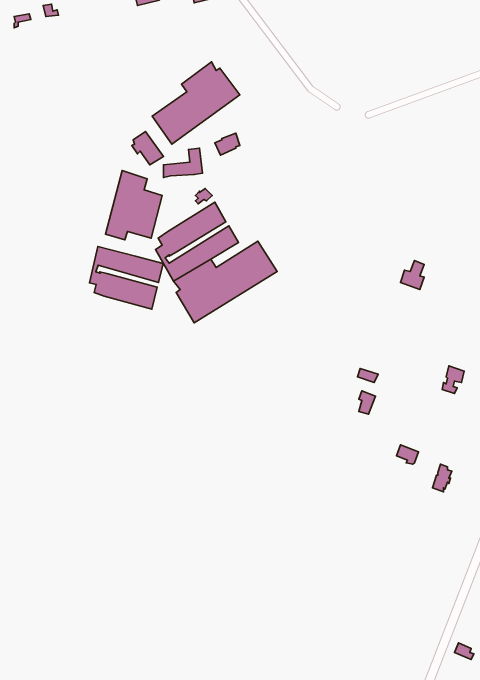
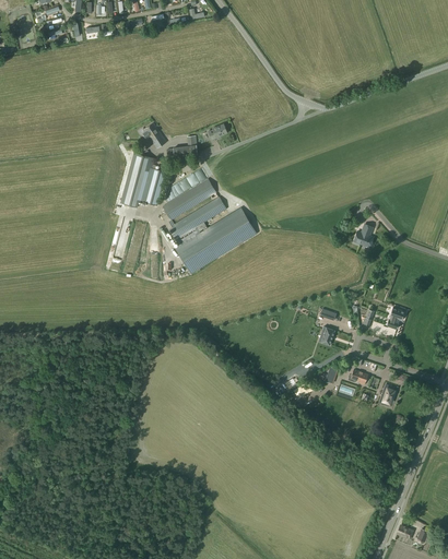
building: [152,62,240,144] -> none
building: [89,247,163,309] -> none

